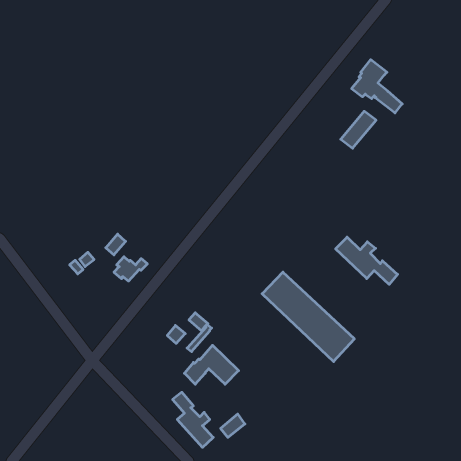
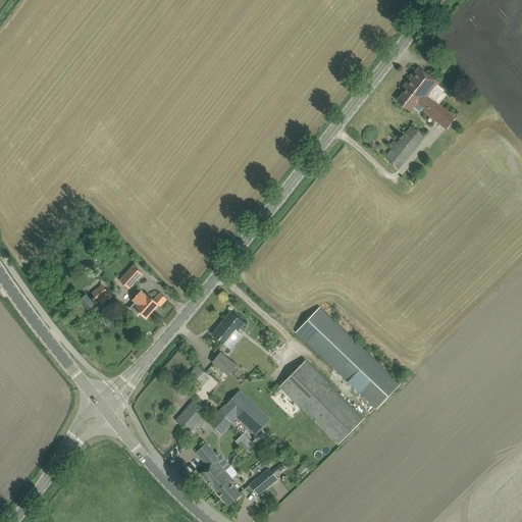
building: [336,237,398,284] -> none
building: none -> [212,312,244,349]
building: none -> [279,360,364,443]
building: none -> [176,401,207,431]

